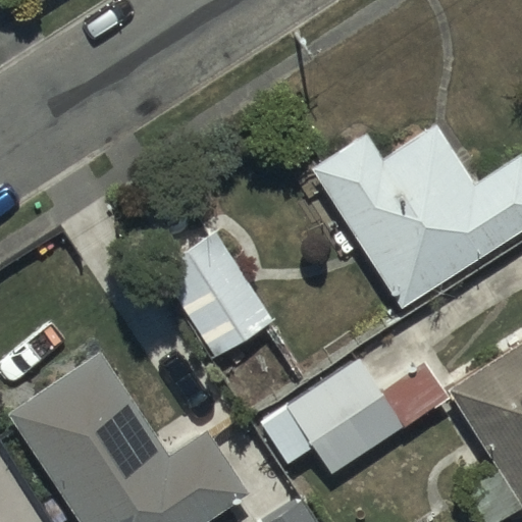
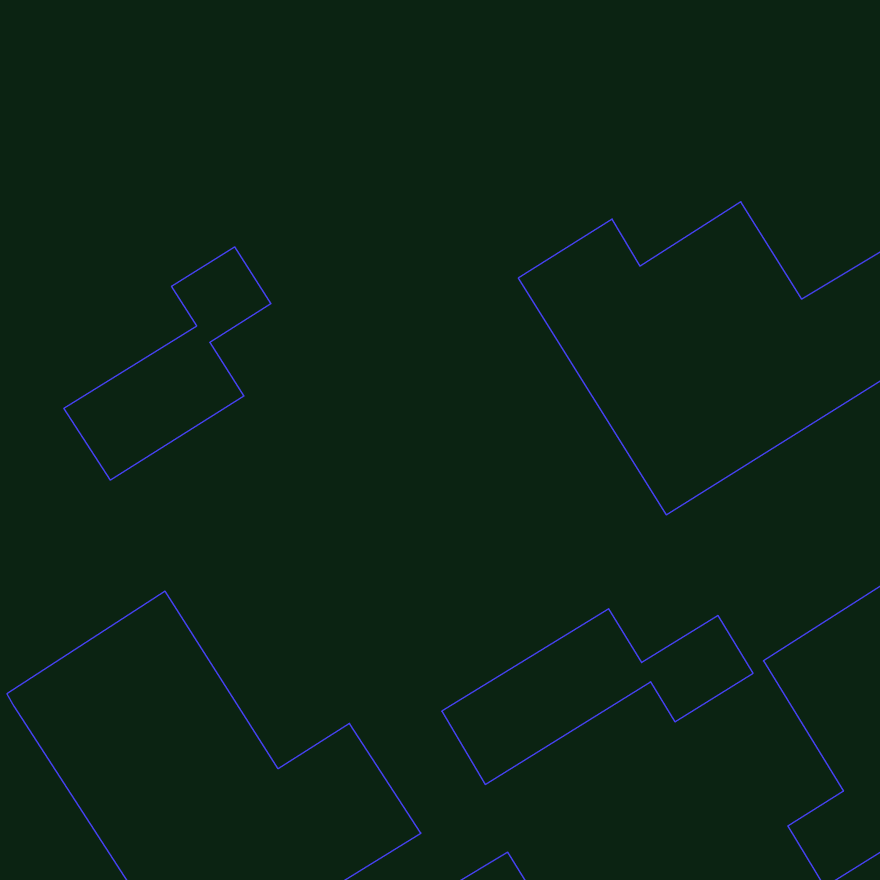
building: none -> [64,247,271,480]
building: [151,222,272,360] -> none

